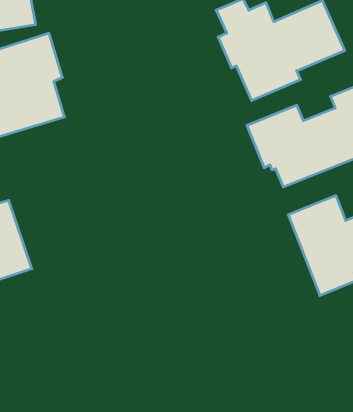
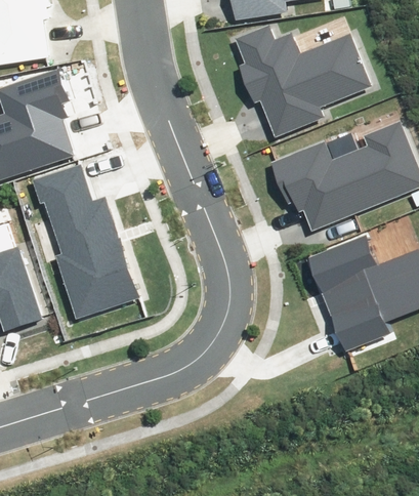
building: none -> [27,161,140,321]

